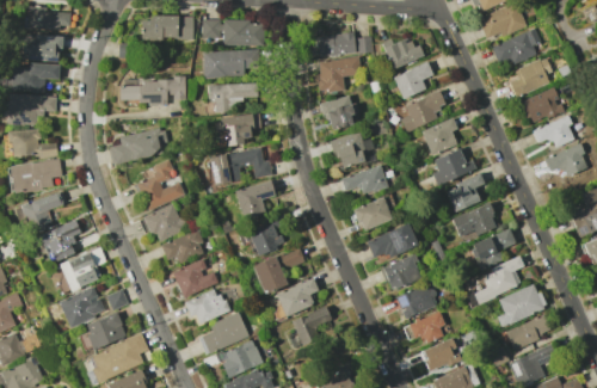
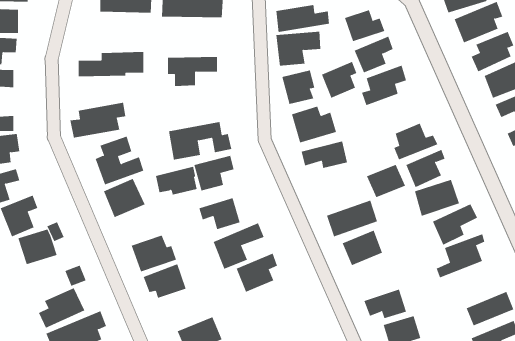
building: [202,49,259,78] -> none
building: [221,113,260,143] -> none
building: [421,117,457,154] -> [321,61,357,99]
building: [352,197,392,230] -> [366,164,406,198]
building: [161,233,203,261] -> [155,166,197,195]
building: [395,282,437,319] -> none
building: [497,283,546,326] -> none
building: [60,288,104,326] -> none
building: [290,307,331,343] -> none
building: [201,312,248,353] -> none

